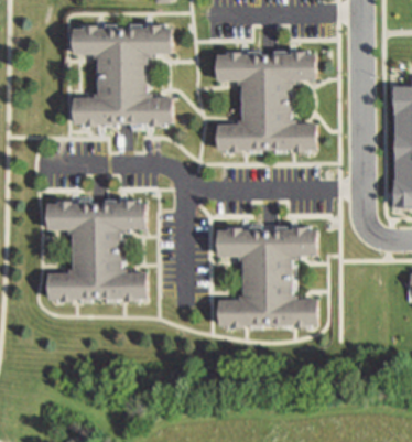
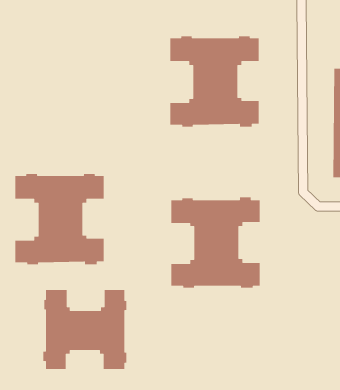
building: [73,26,172,126] -> none
building: none -> [42,289,127,370]

